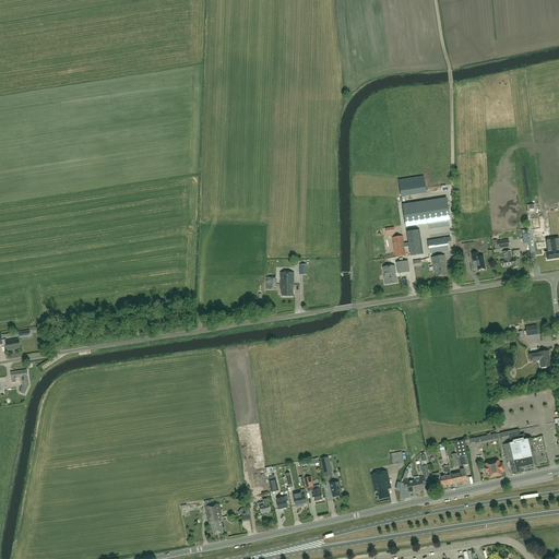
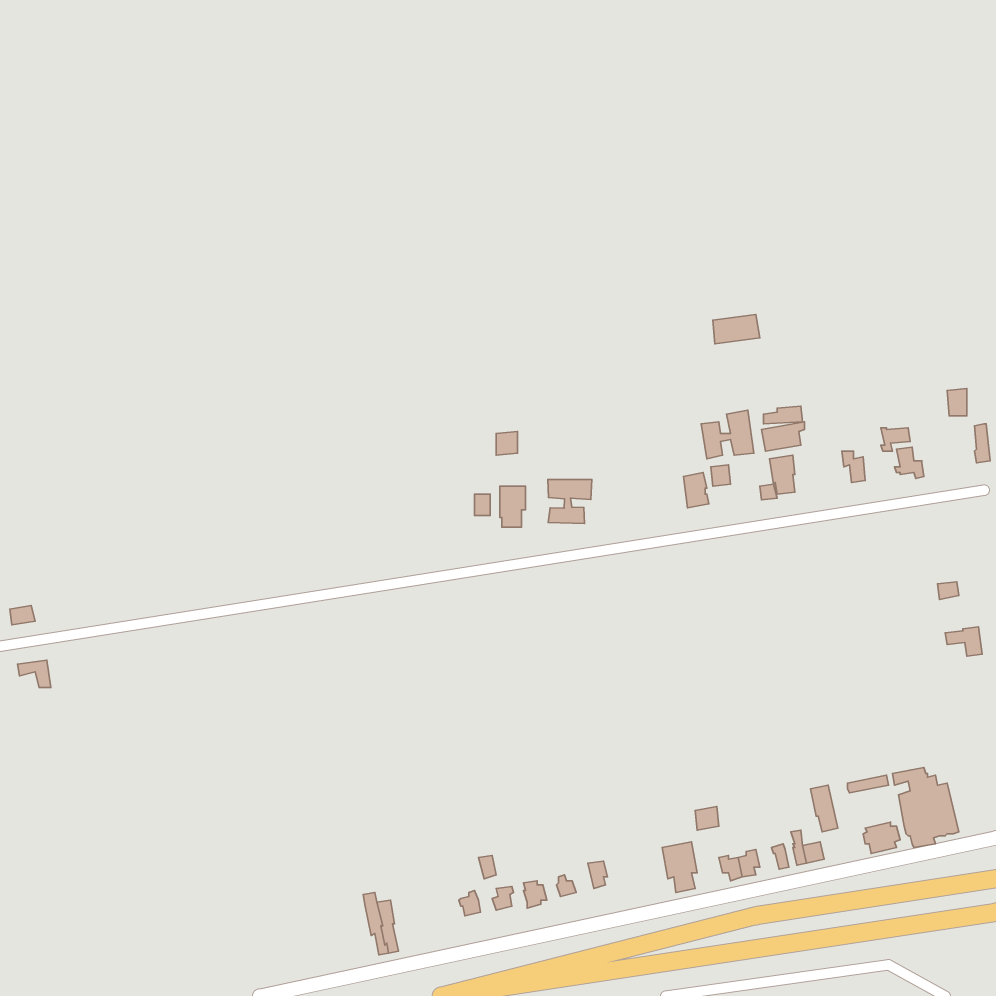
building: [402,198,449,226] -> none
building: none -> [548,479,592,524]

